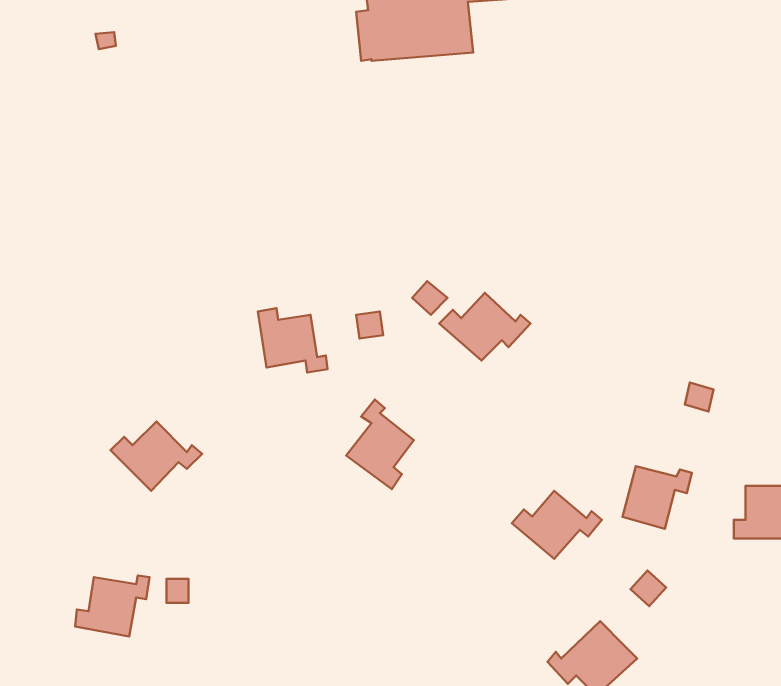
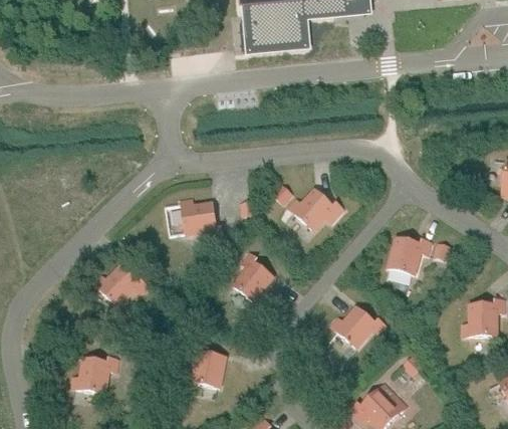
building: [622,466,692,529] -> [389,237,430,274]
building: none -> [192,345,225,387]

